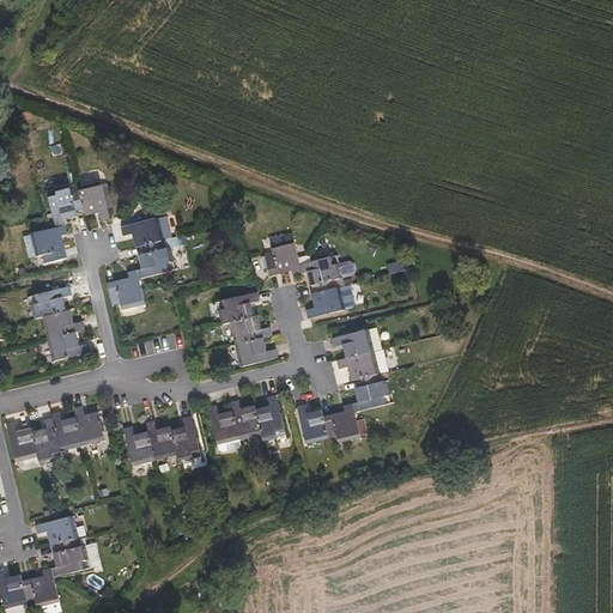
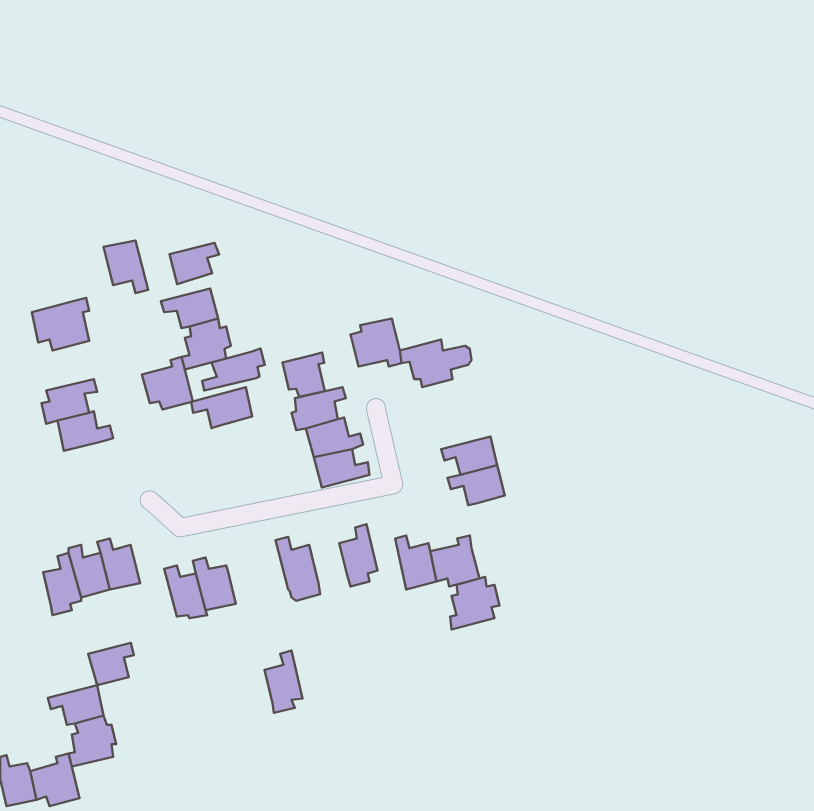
building: none -> [170,243,219,284]
building: [48,183,84,226] -> none
building: none -> [202,349,265,390]
building: none -> [282,353,325,397]
building: [305,285,352,317] -> none
building: none -> [191,387,252,428]
building: [48,332,91,360] -> none
building: [353,372,390,412] -> [450,577,499,629]
building: [230,399,261,438] -> none
building: [171,414,200,461] -> [264,651,303,713]
building: [7,421,38,460] -> none
building: none -> [88,643,134,685]

